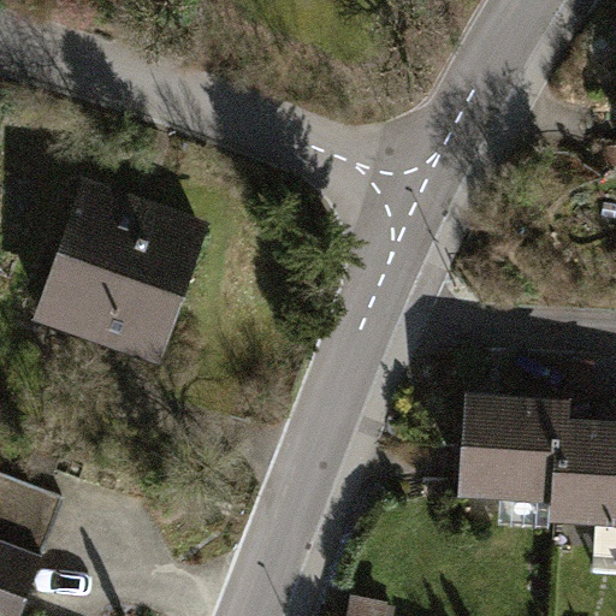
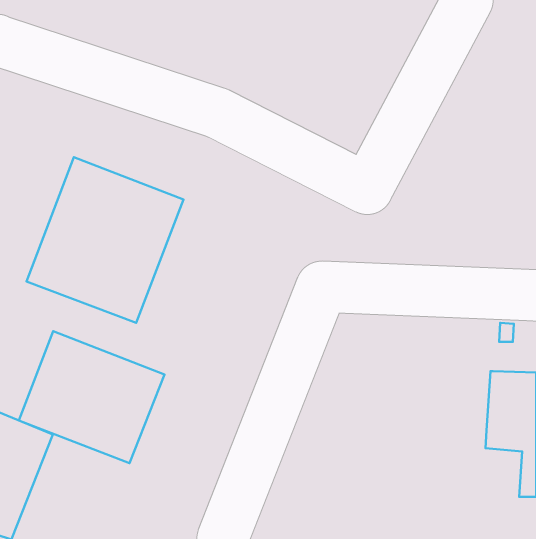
building: none -> [19,331,165,463]
building: [462,398,563,491] -> none

